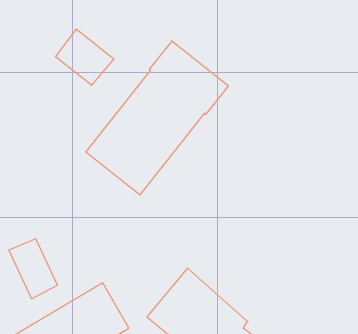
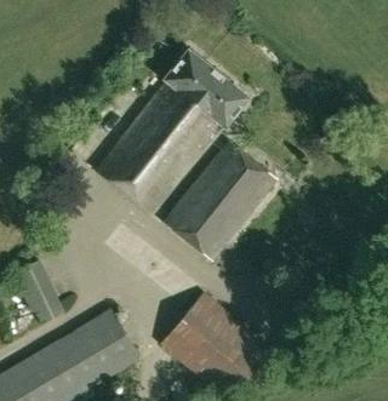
building: [56,29,114,85] -> none
building: none -> [164,139,276,259]

